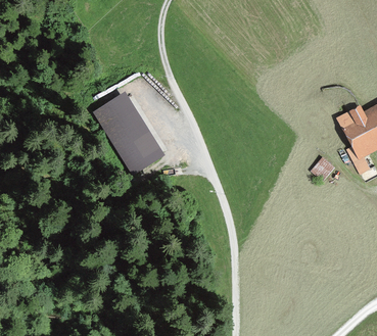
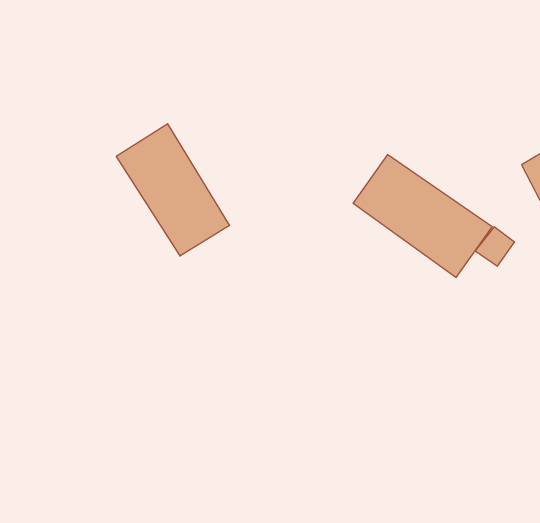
building: none -> [353,154,492,277]

